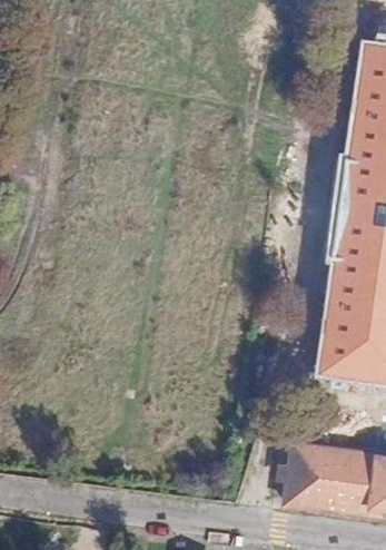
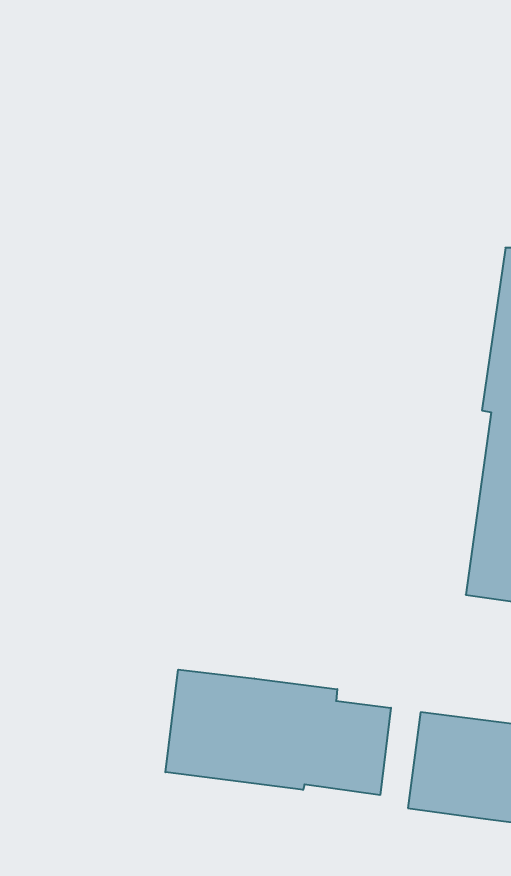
building: none -> [165,670,391,795]

